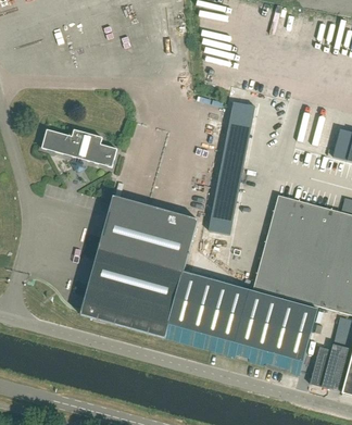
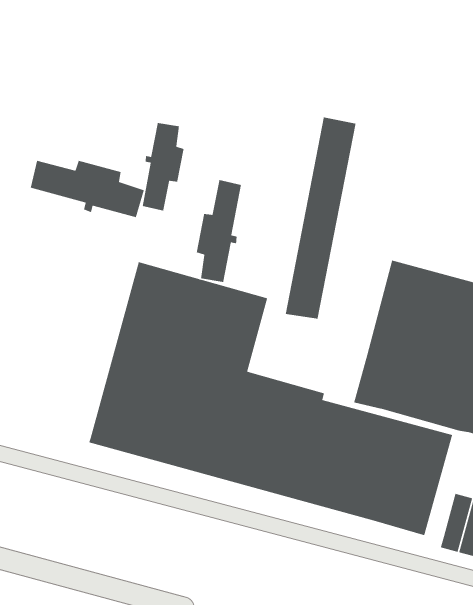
building: none -> [142,122,185,212]
building: none -> [196,179,242,283]

